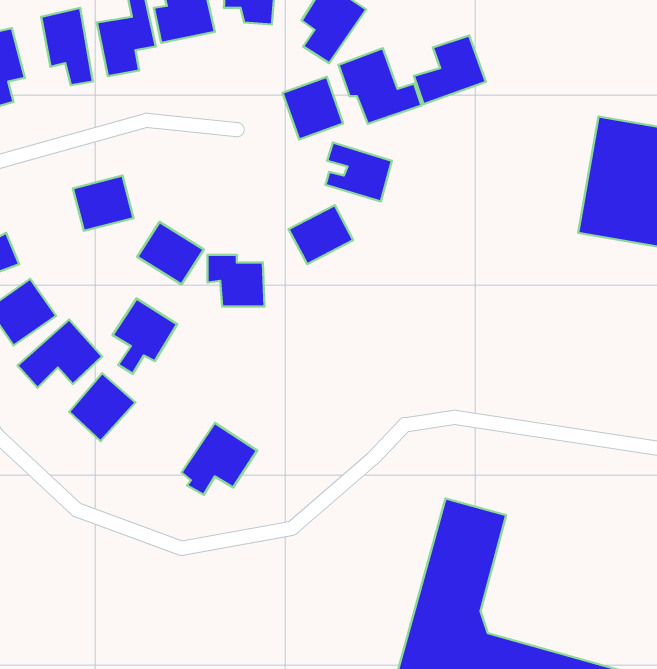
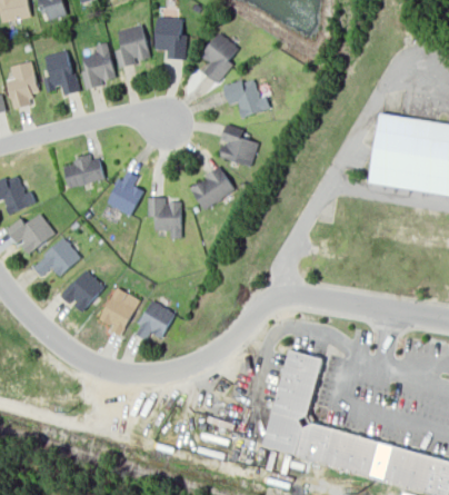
building: [414,35,486,104] -> none
building: [283,77,343,139] -> none
building: [113,298,177,374] -> [103,287,142,333]

